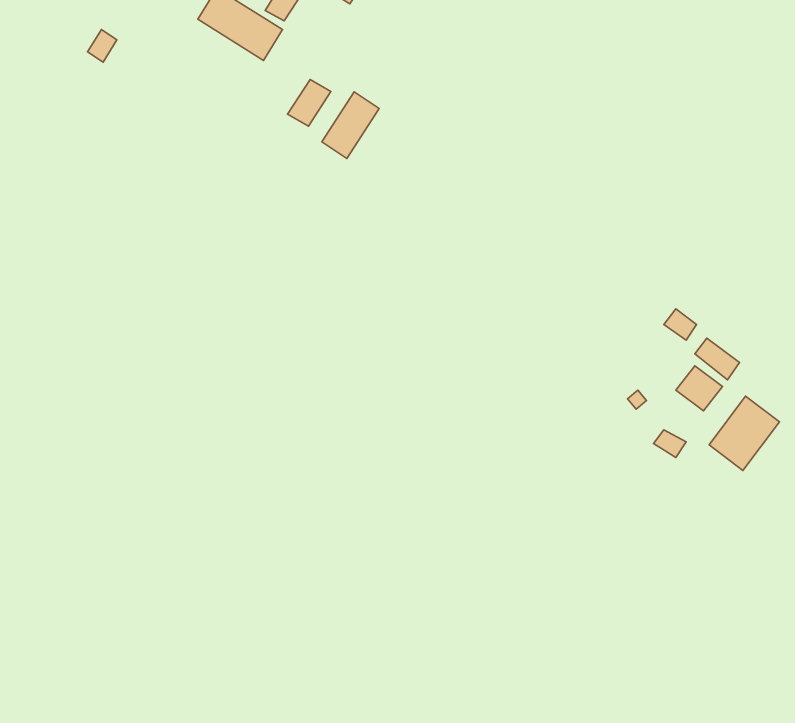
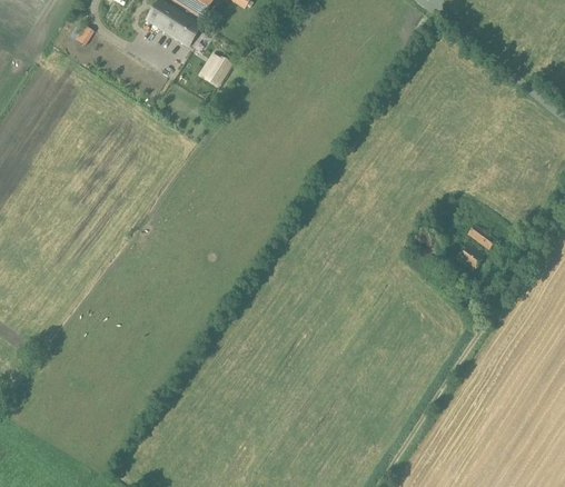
building: [322,92,379,159] -> none
building: [709,396,779,471] -> none

